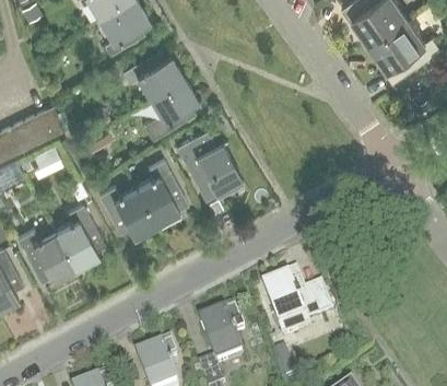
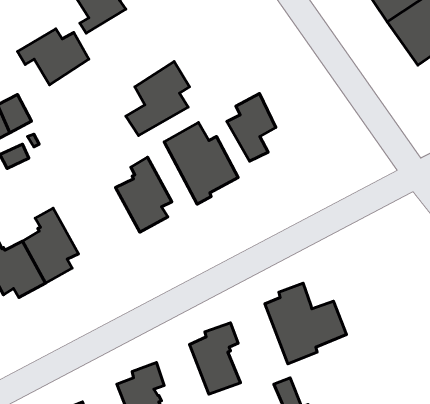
building: [123,55,185,103] -> [18,29,89,85]
building: none -> [227,94,276,161]
building: [97,189,155,239] -> none

